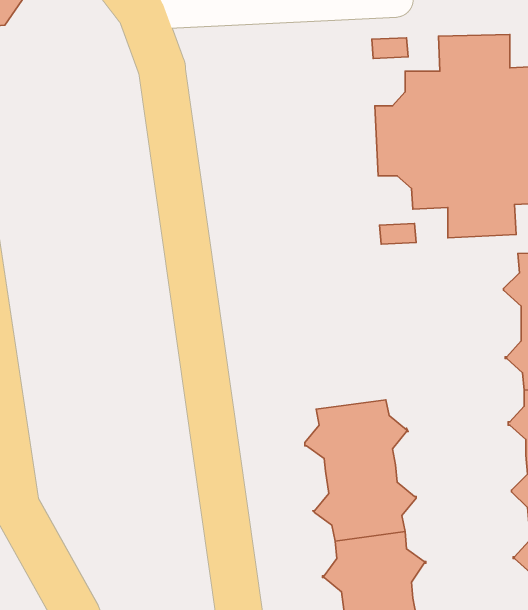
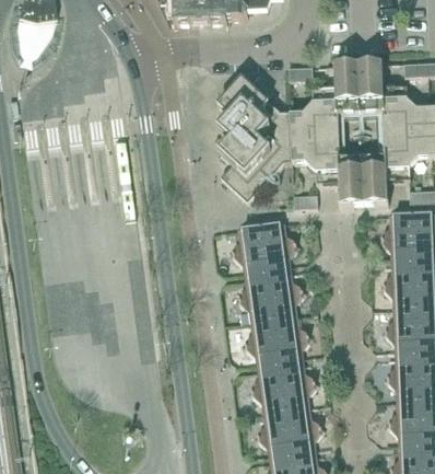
building: none -> [219,77,293,200]
building: none -> [230,221,307,321]

